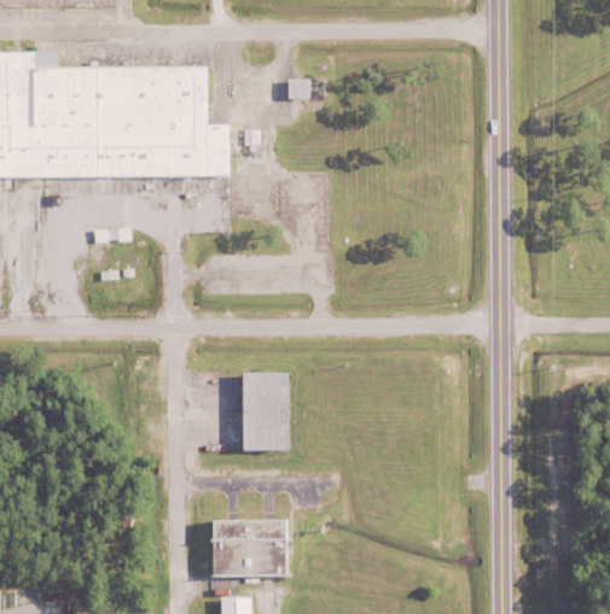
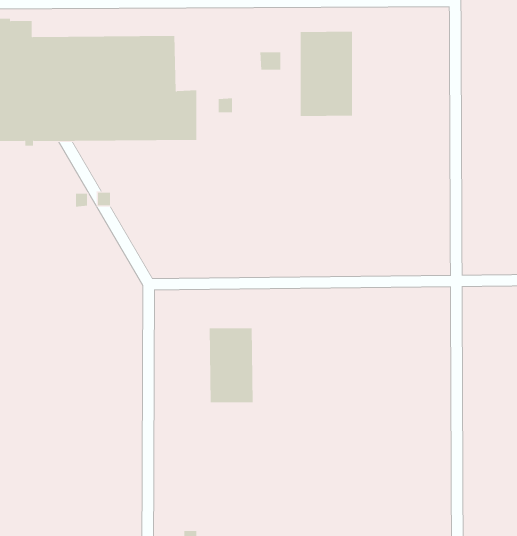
building: none -> [300,31,353,117]
building: [213,519,285,577] -> none

